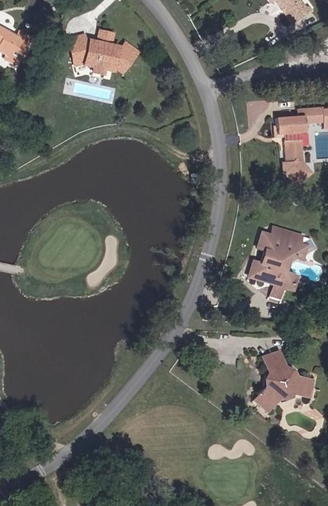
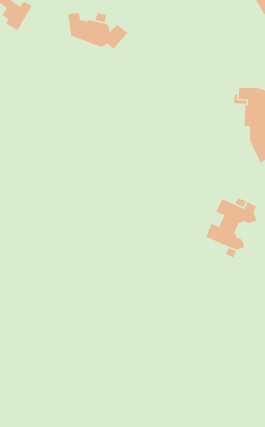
building: [247,345,312,412] -> none

